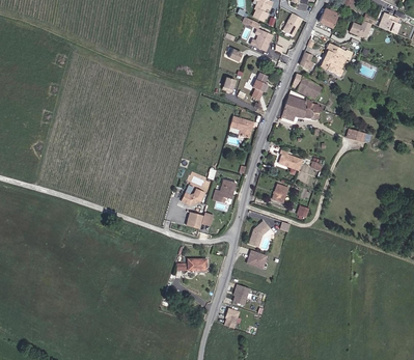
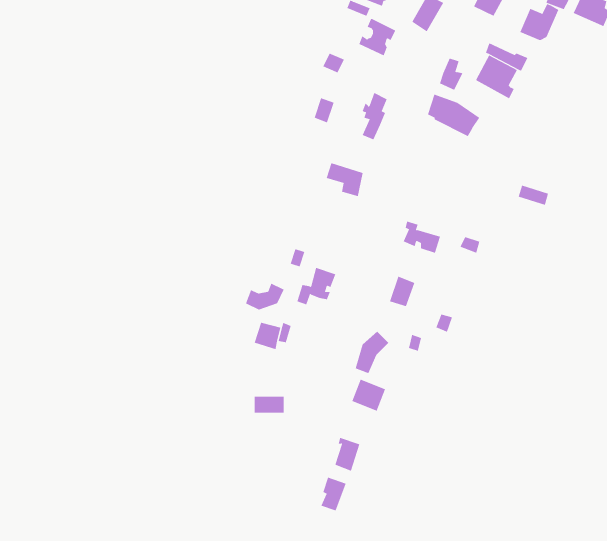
building: [281,89,323,122] -> none

